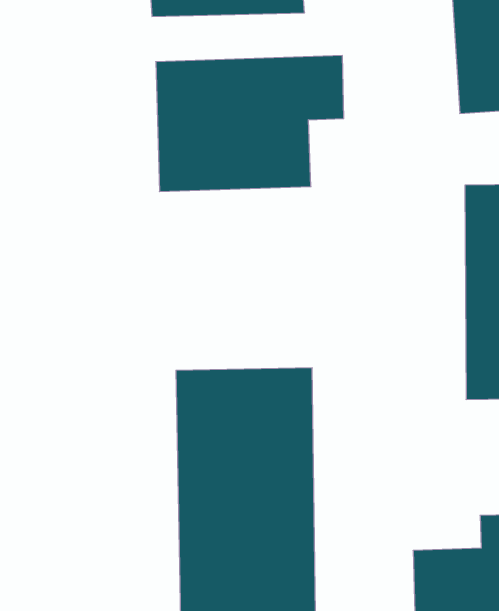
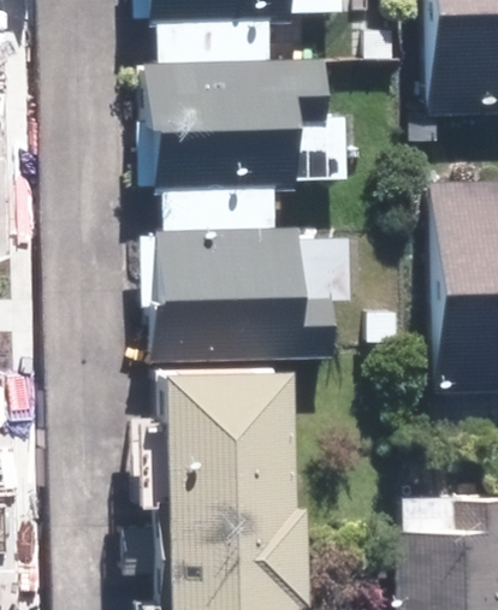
building: none -> [153,225,334,353]

